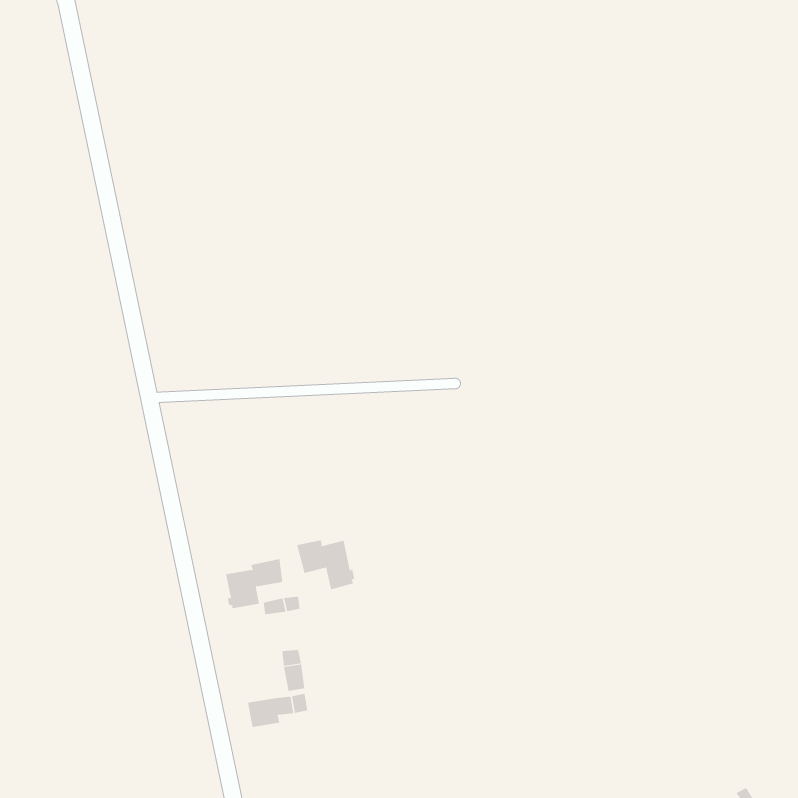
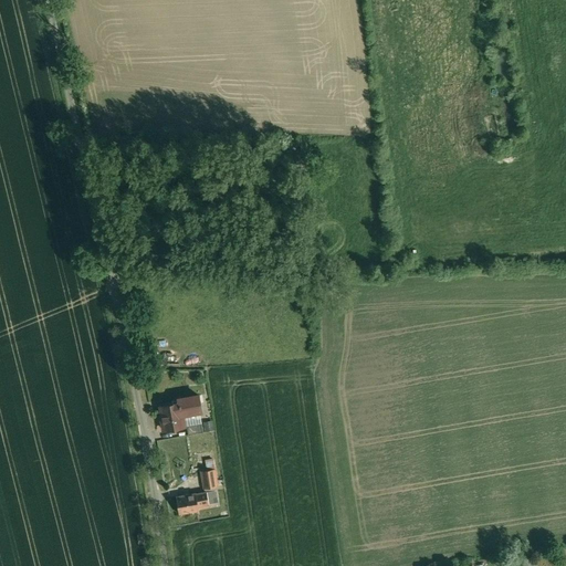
building: [297,539,355,590] -> none

